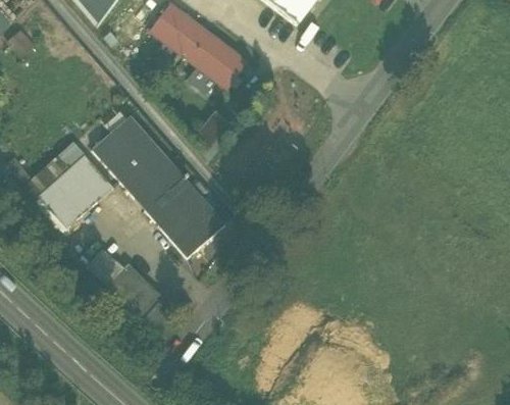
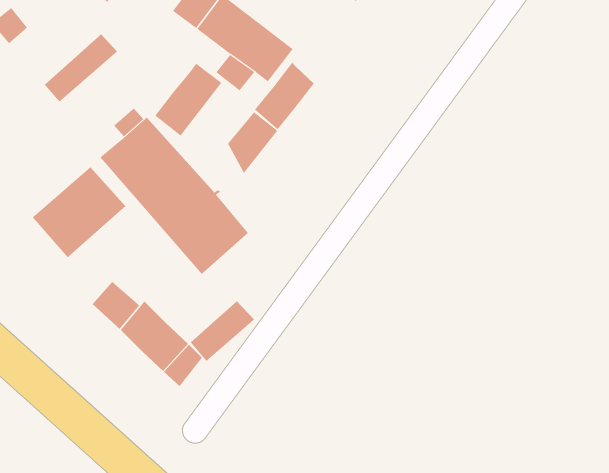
building: none -> [254,62,314,130]
building: none -> [155,63,222,136]
building: [26,141,85,196] -> [44,34,118,103]
building: [173,208,225,257] -> [190,301,255,362]

